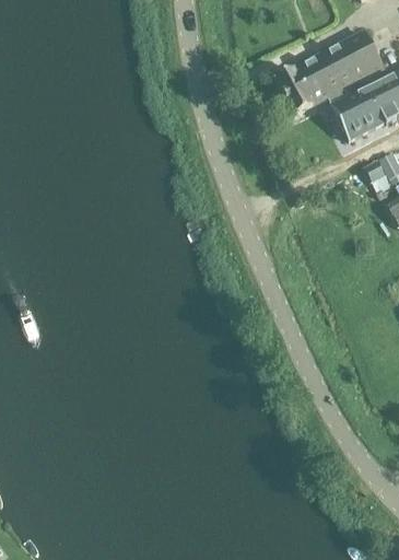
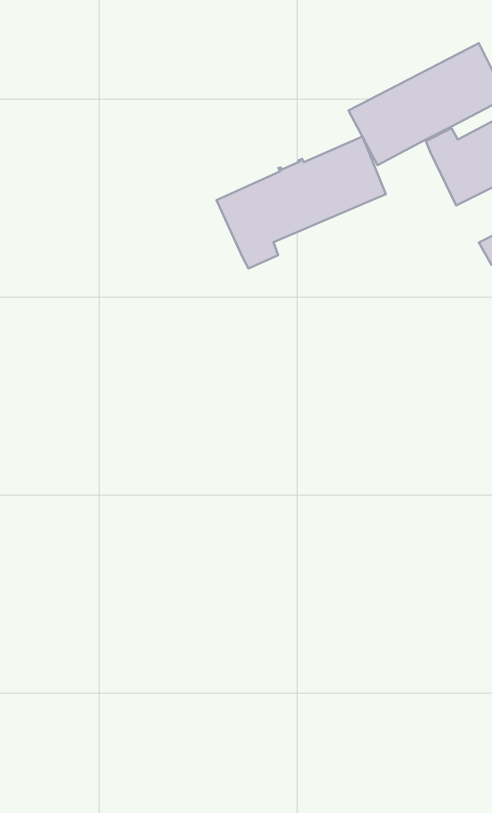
building: none -> [216,137,386,269]

